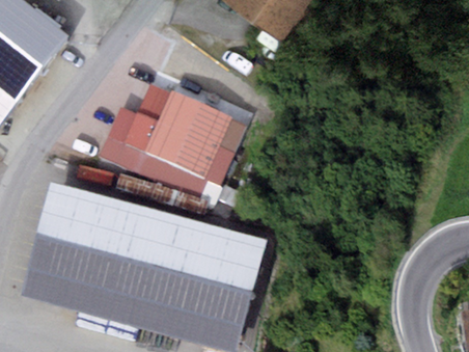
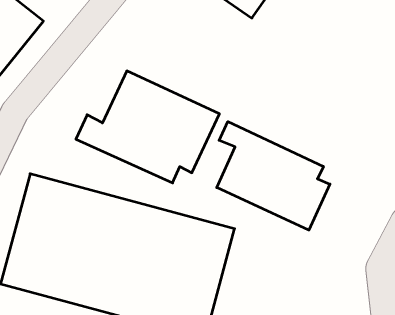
building: none -> [217,122,330,230]

